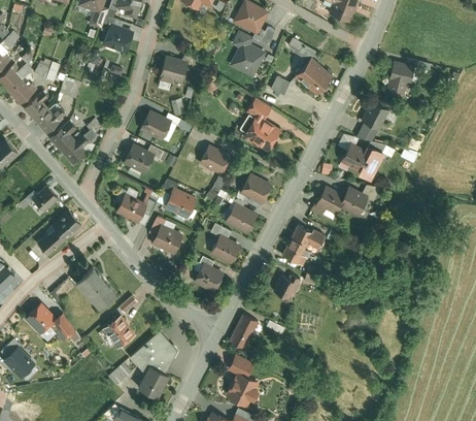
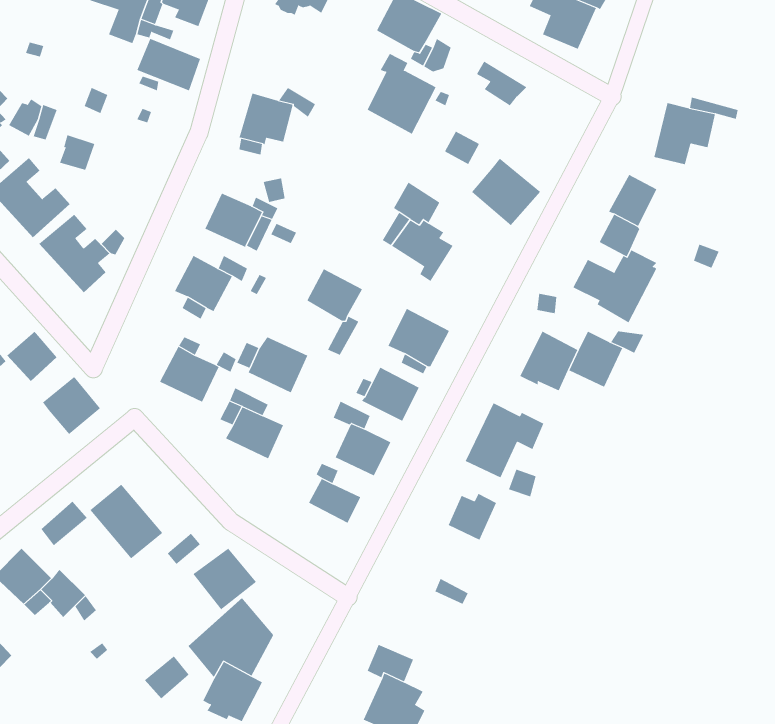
building: [296,57,334,94] -> [471,158,541,226]
building: [38,228,66,256] -> none
building: [230,314,264,349] -> none
building: [102,315,137,349] -> [193,548,257,610]

